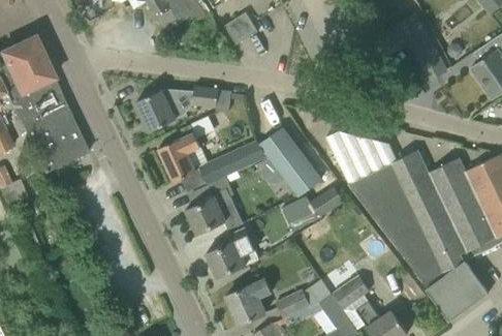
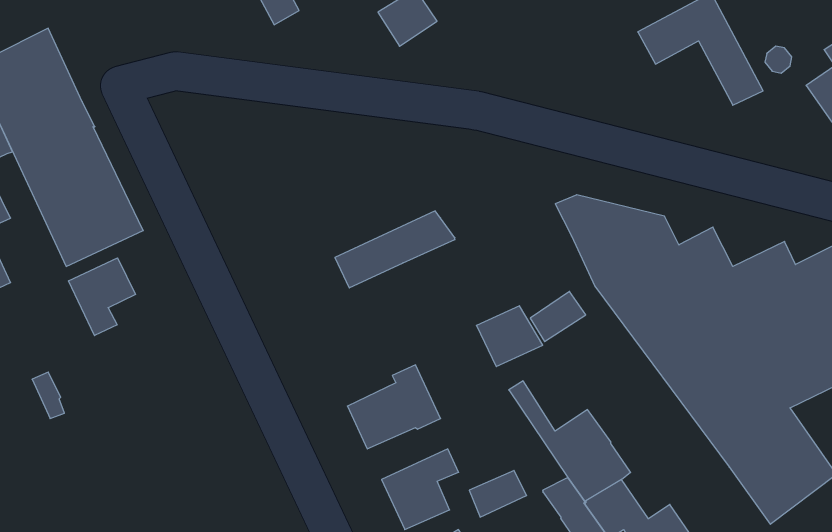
building: [136,87,231,131] -> none
building: [260,128,321,196] -> none
building: [158,132,201,182] -> none
building: none -> [69,258,135,336]
building: [186,177,243,235] -> none

